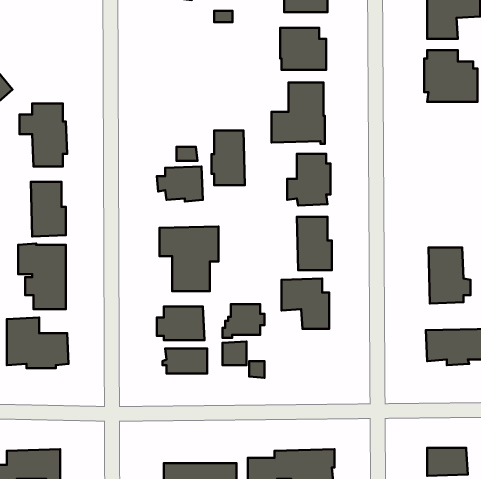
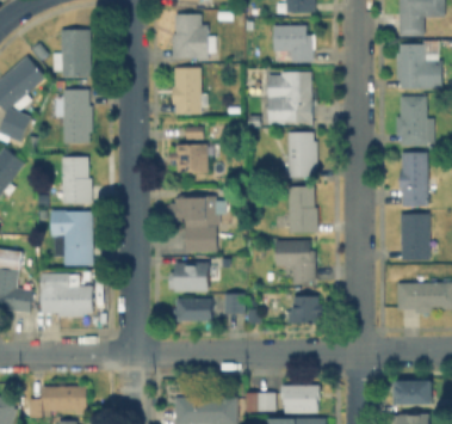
building: none -> [173,14,216,61]
building: none -> [54,29,91,75]
building: none -> [396,96,434,146]
building: [211,130,245,185] -> [173,67,202,113]
building: none -> [400,152,428,205]
building: [222,304,264,338] -> [287,296,323,325]

